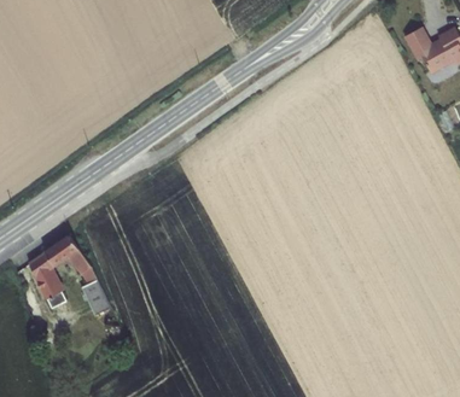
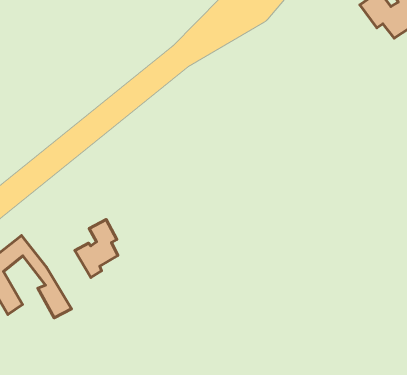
building: none -> [75,219,118,277]

